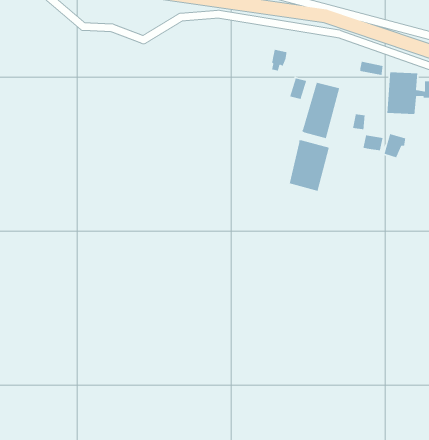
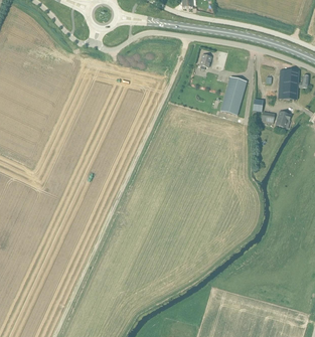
building: [289,139,330,192] -> none

